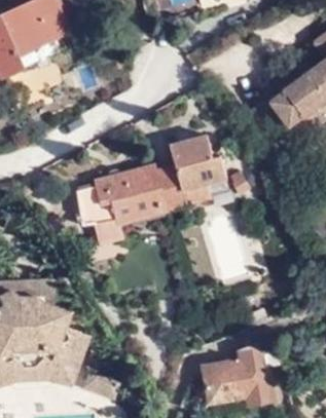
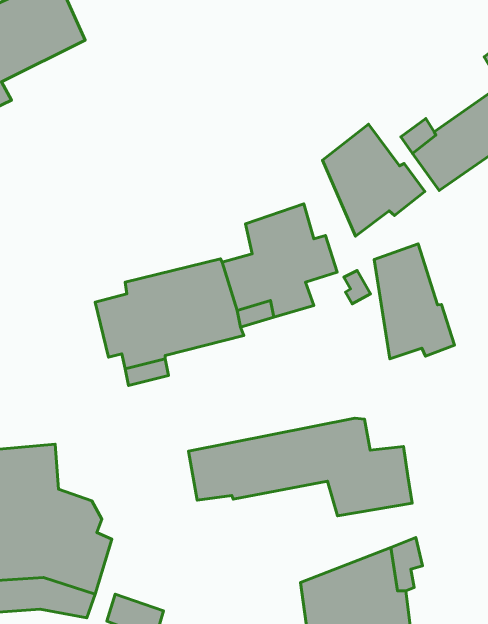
building: none -> [323,124,425,236]
building: none -> [374,244,454,359]
building: none -> [188,418,412,516]

